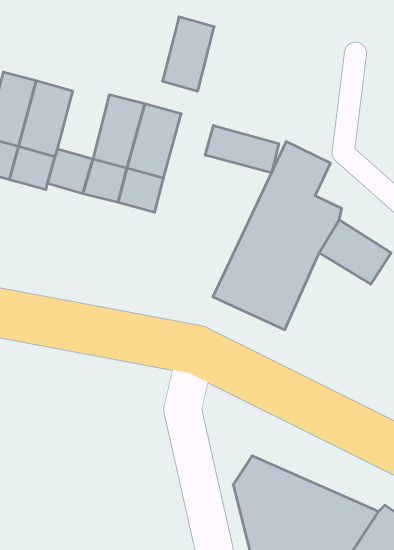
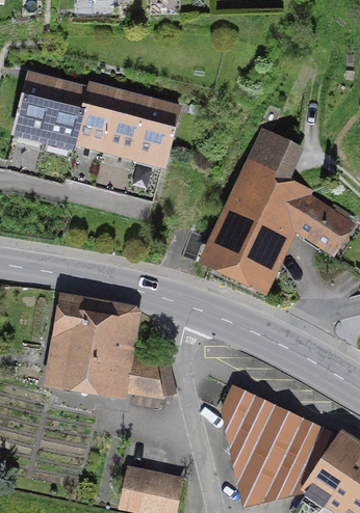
building: [162,17,214,91] -> [75,83,118,144]
building: [205,125,279,173] -> none
building: none -> [49,296,164,408]

